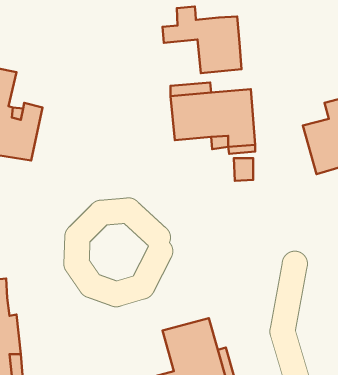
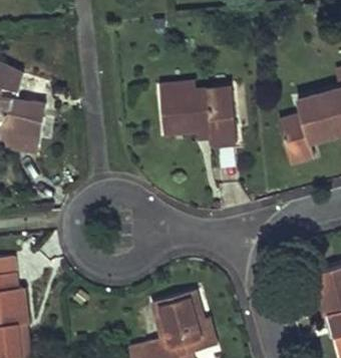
building: [163,7,242,73] -> none

